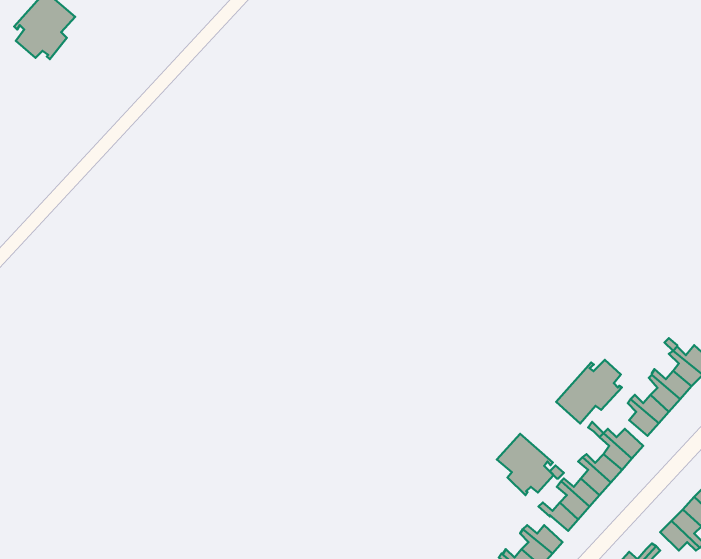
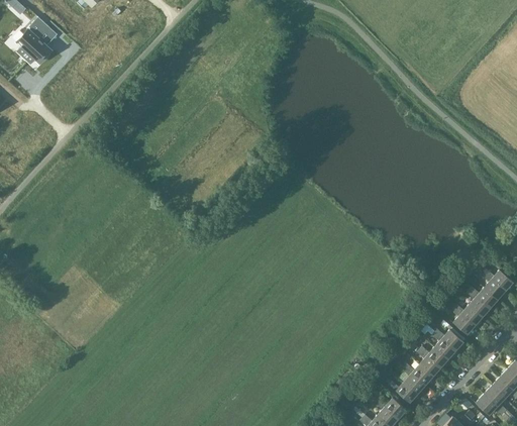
building: [556,360,622,424] -> none
building: [497,434,553,495] -> none

